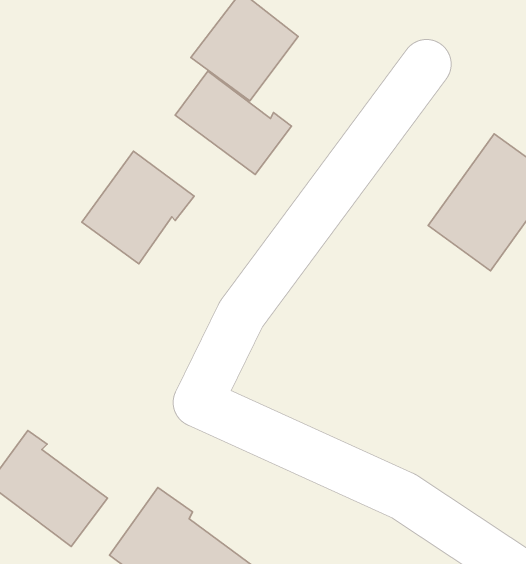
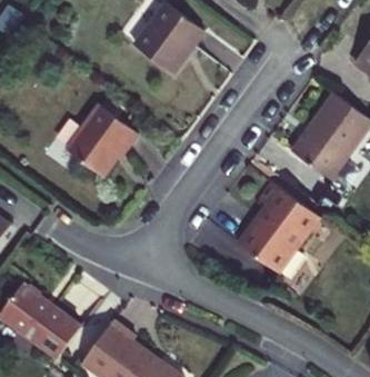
building: [175,71,292,175] -> none
building: none -> [236,182,319,275]

